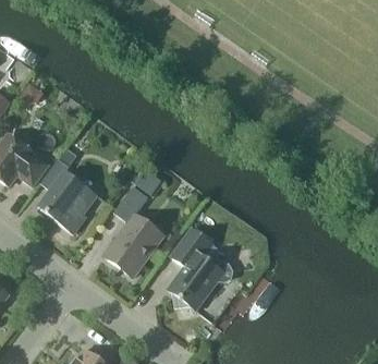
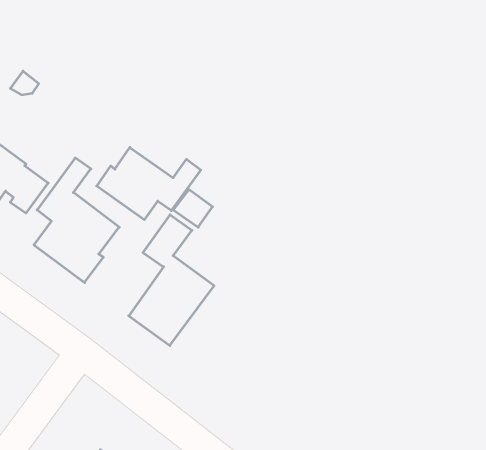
building: none -> [97,147,201,220]
building: [167,227,232,310] -> none

